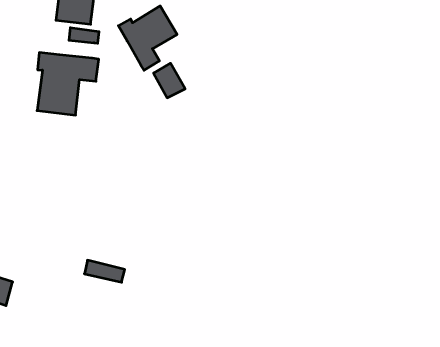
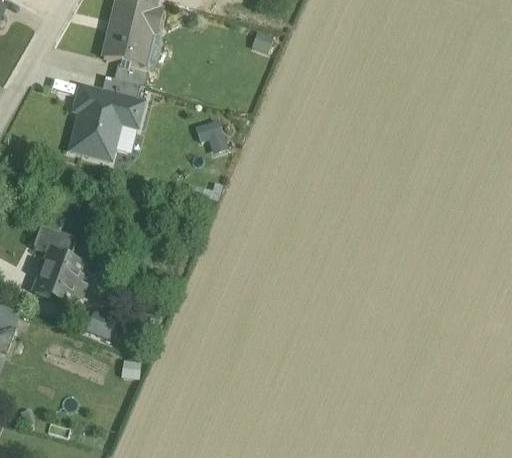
building: [118,6,177,70] -> none
building: none -> [102,75,140,99]
building: none -> [34,224,84,303]

